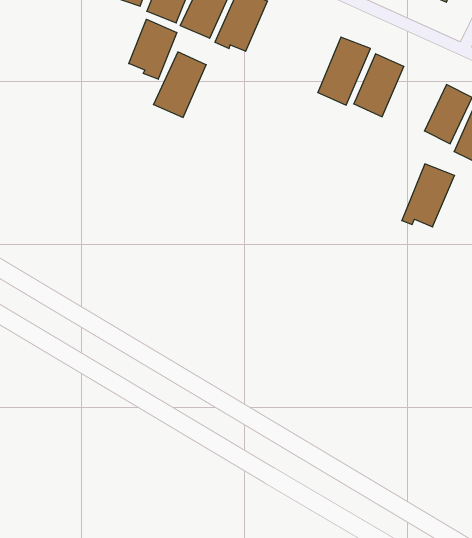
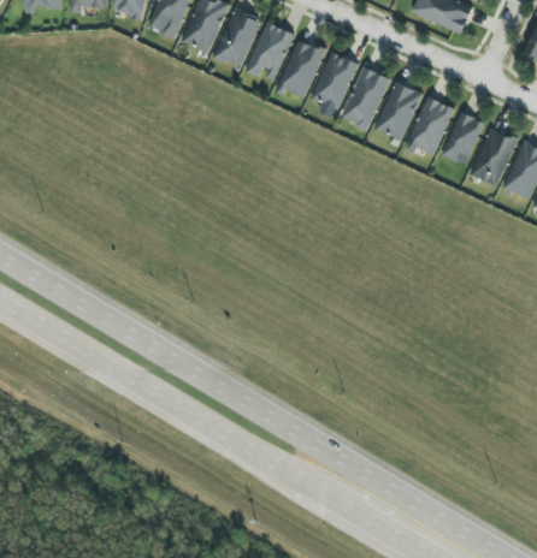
building: [129,19,177,79] -> none
building: none -> [313,52,358,107]
building: [153,52,206,117] -> [277,37,326,99]
building: [402,164,455,227] -> [406,96,455,155]

